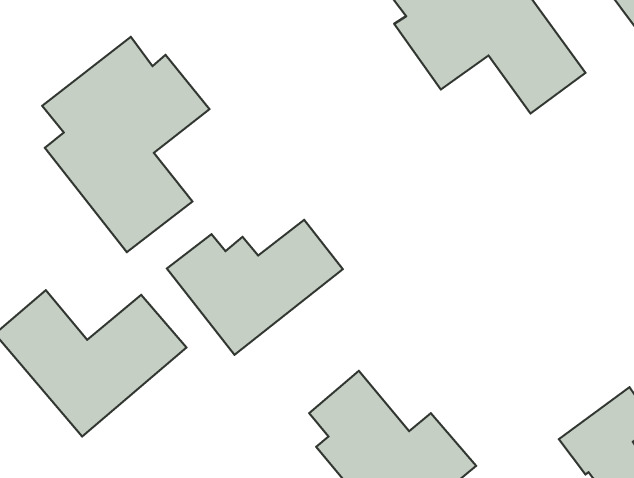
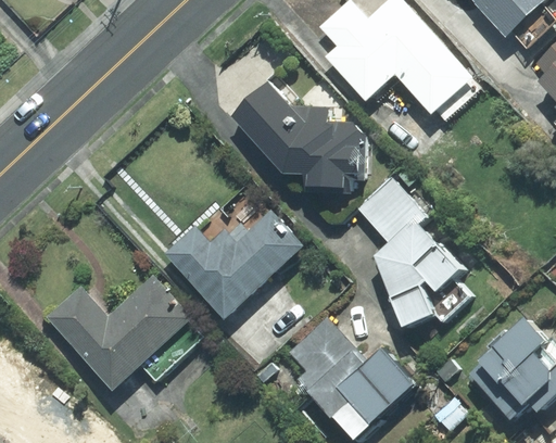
building: [42,37,209,252] -> none
building: none -> [232,79,368,192]
building: none -> [355,174,473,328]

